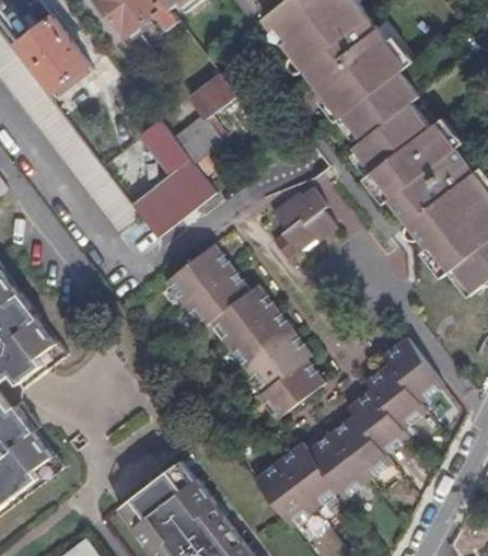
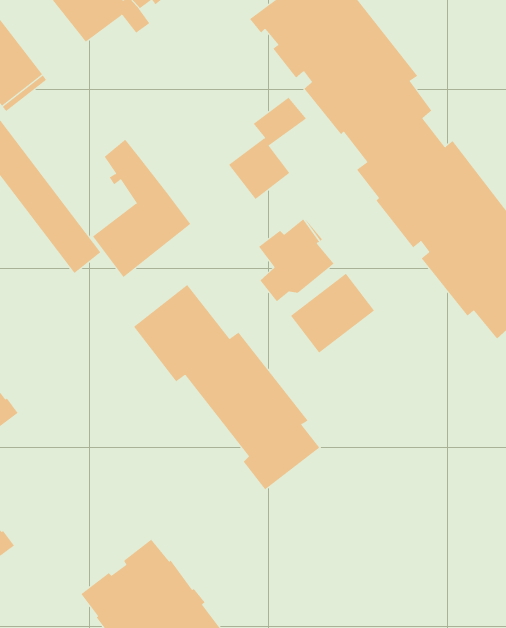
building: [170,77,236,164] -> [228,97,307,200]
building: none -> [290,273,375,354]
building: [254,336,443,525] -> none

